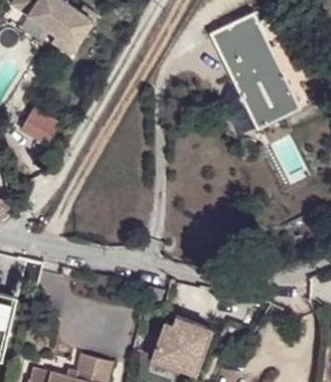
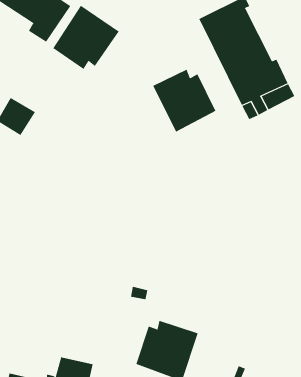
building: none -> [53,5,120,70]
building: none -> [152,69,216,133]

